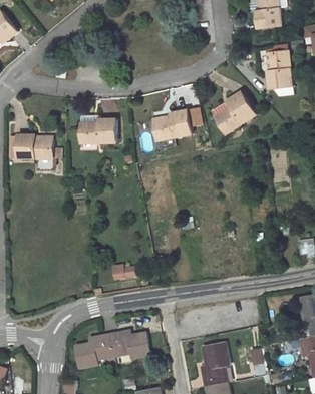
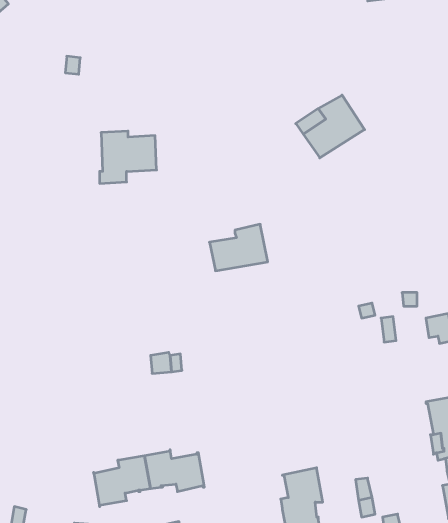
building: [268,49,294,96] -> none
building: [153,108,193,139] -> [209,224,268,271]
building: [18,134,54,170] -> none

